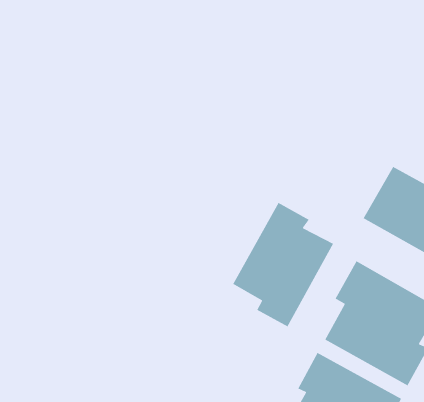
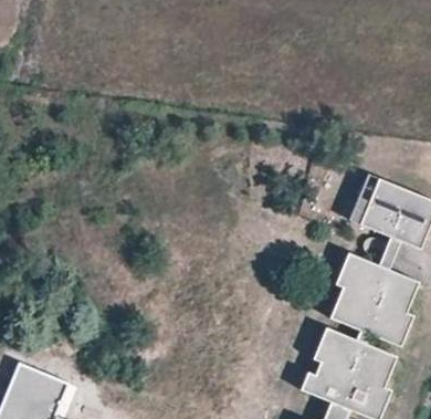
building: [232,202,334,328] -> none

